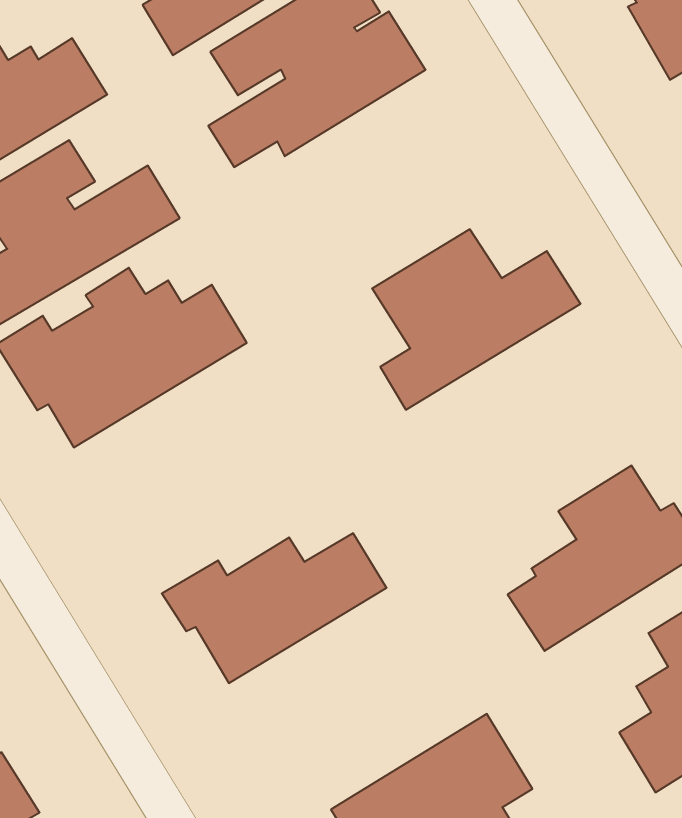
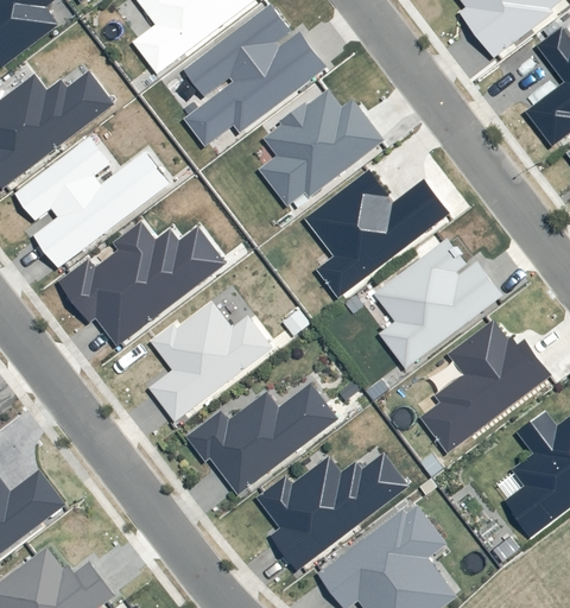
building: none -> [258,89,386,207]
building: none -> [372,236,502,368]
building: none -> [148,303,273,420]
building: none -> [255,452,406,566]

